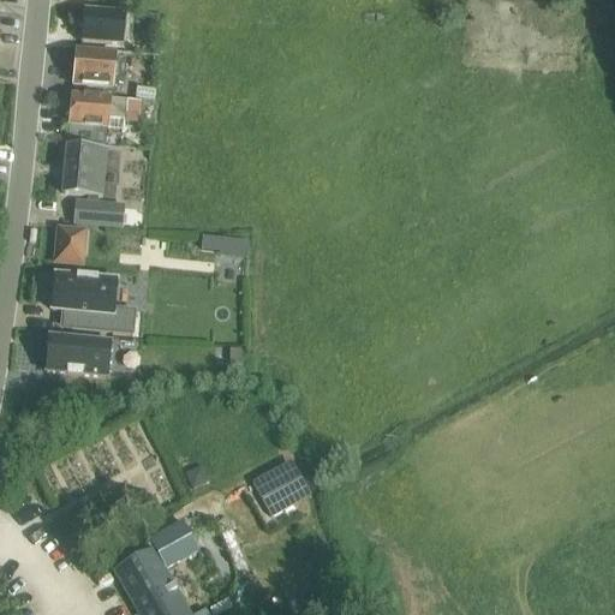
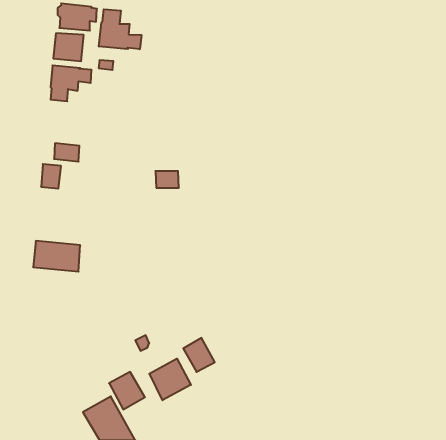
building: none -> [99,9,141,49]
building: [62,142,107,192] -> none
building: [52,269,135,330] -> none
building: none -> [149,359,191,400]

